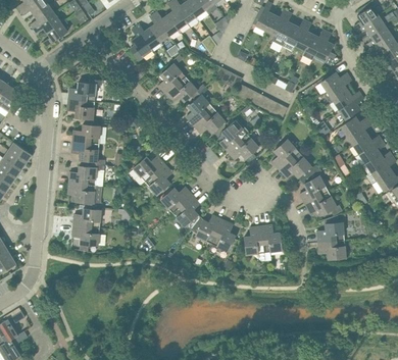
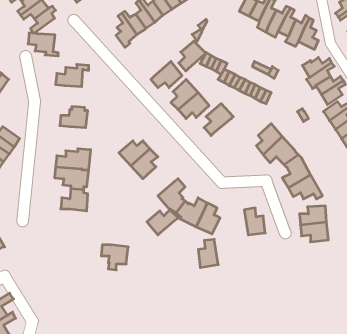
building: [158,63,186,94] -> [179,41,206,71]
building: [67,99,98,122] -> [28,33,58,56]
building: [227,134,259,159] -> none
building: [71,141,104,165] -> none
building: [161,187,193,212] -> [147,210,178,235]
building: [72,225,100,251] -> [101,245,128,270]
building: [244,226,264,255] -> [198,239,218,268]

